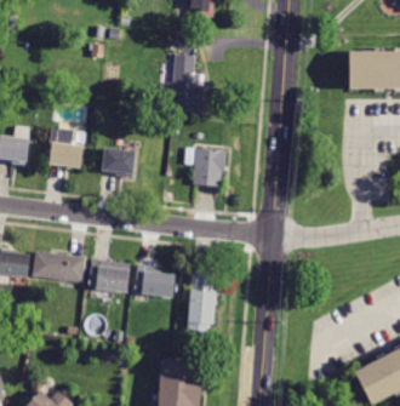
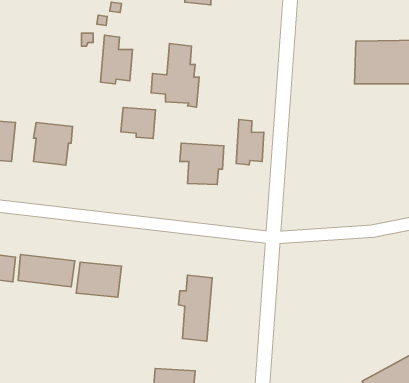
building: none -> [101,35,132,84]
building: none -> [236,120,264,165]
building: [102,148,135,177] -> [121,107,156,138]
building: [133,264,173,303] -> none

